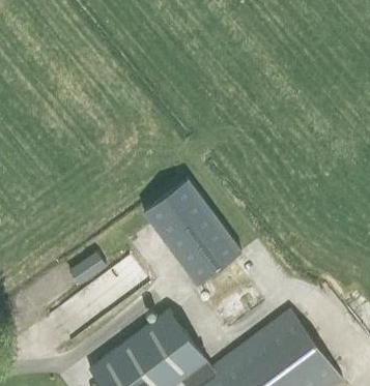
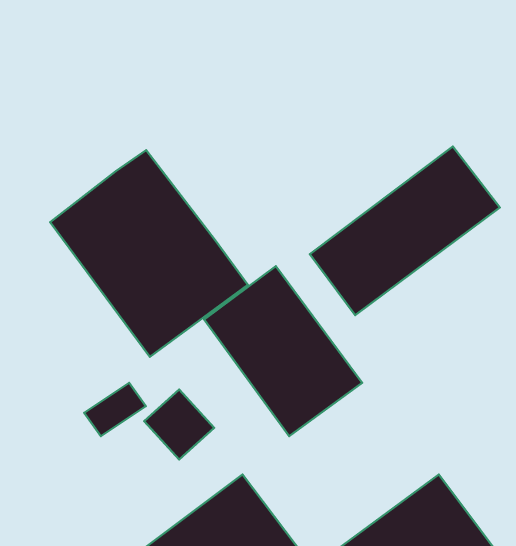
building: none -> [310,146,500,315]
building: none -> [50,150,248,357]

